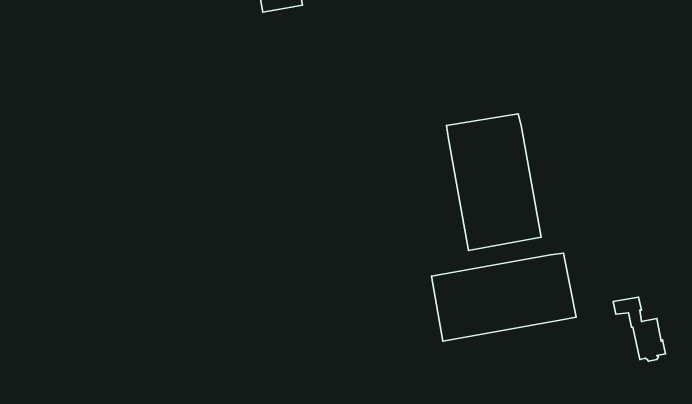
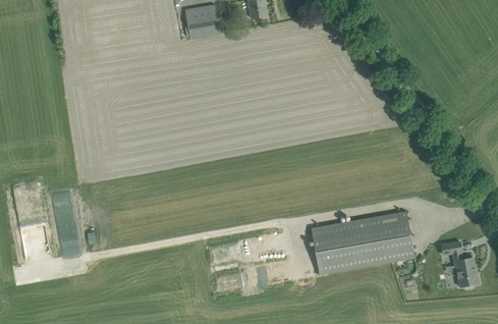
building: [446,114,541,251] -> none

